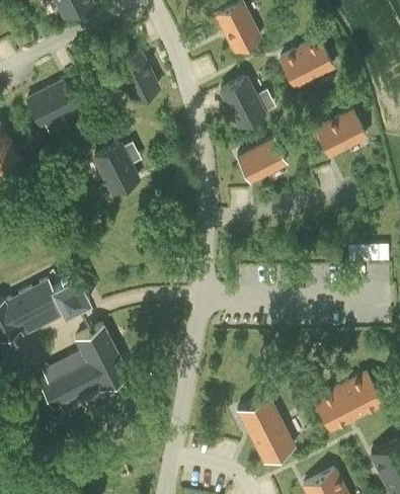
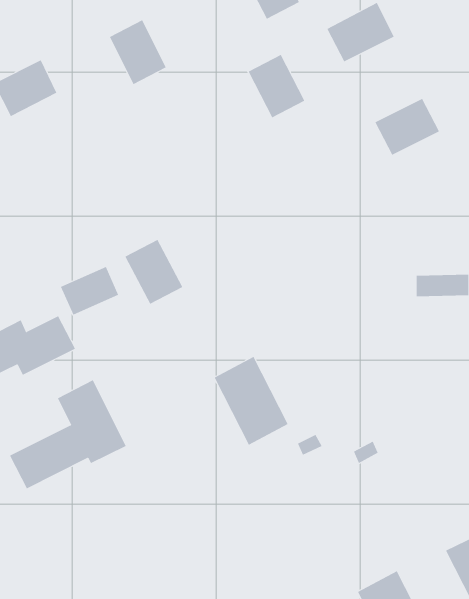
building: [237,140,287,184] -> none
building: [94,146,139,195] -> [125,239,183,305]
building: none -> [60,266,119,316]
building: [315,375,383,432] -> none
building: [238,397,295,465] -> [214,356,289,446]

